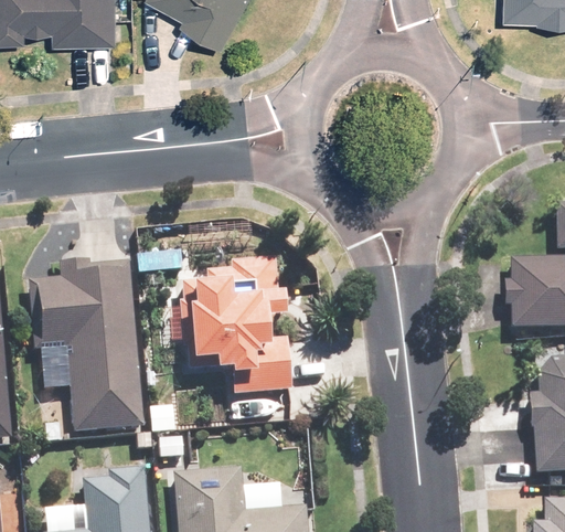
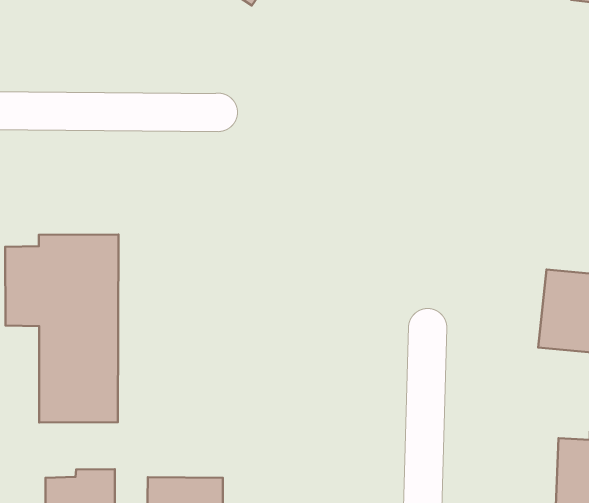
building: [181,259,290,395] -> none

